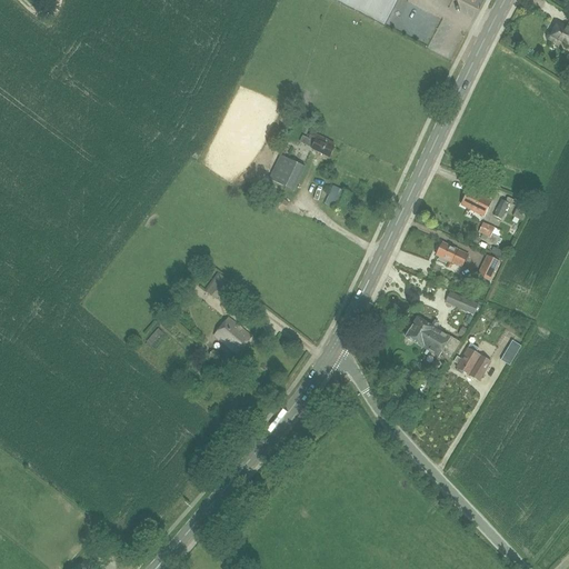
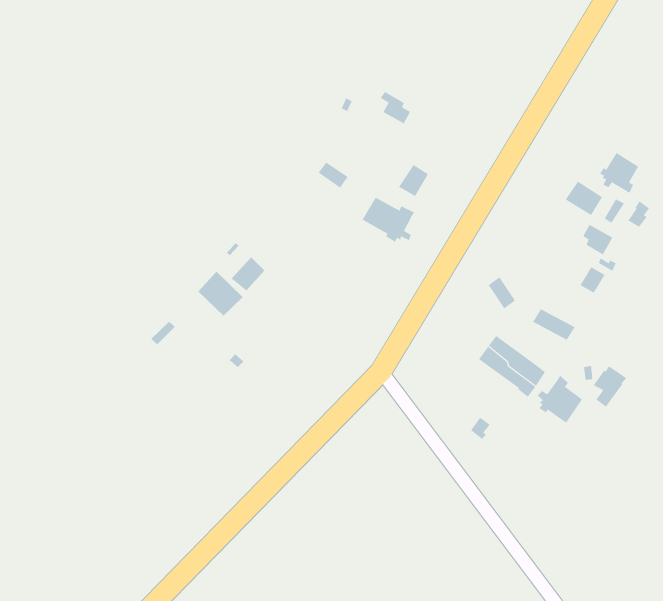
building: [268,152,305,189] -> none
building: none -> [599,152,639,194]
building: none -> [362,197,415,243]
building: [435,240,468,267] -> none
building: [213,316,250,351] -> [198,271,244,317]

